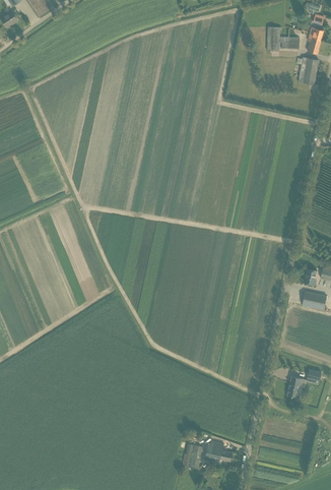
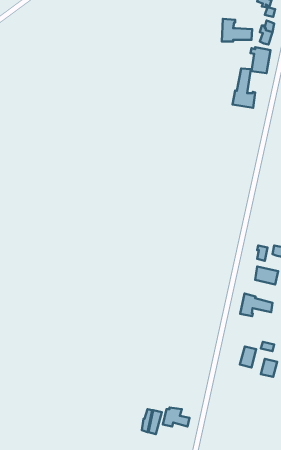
building: none -> [232,68,255,108]
building: none -> [240,294,273,316]

